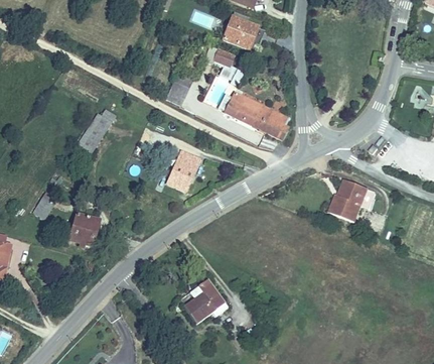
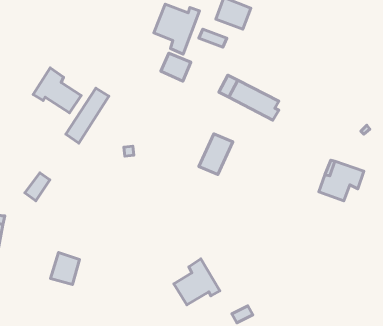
building: none -> [154,4,199,54]
building: none -> [33,68,81,113]
building: [166,149,200,191] -> [199,134,233,175]
building: [68,215,98,247] -> [50,252,79,284]

